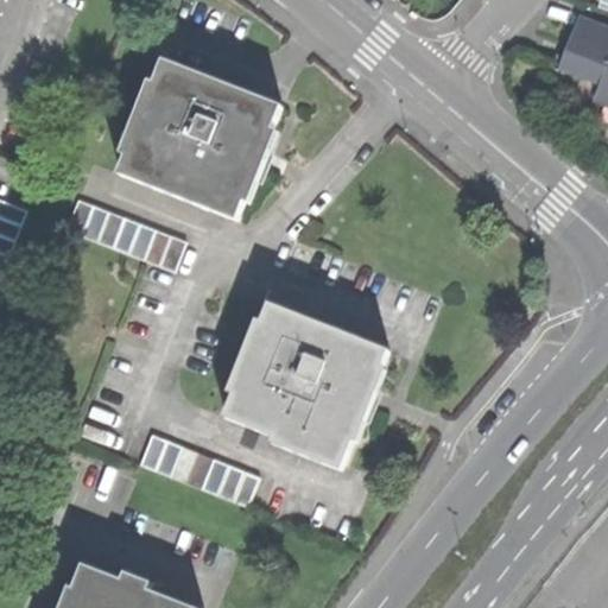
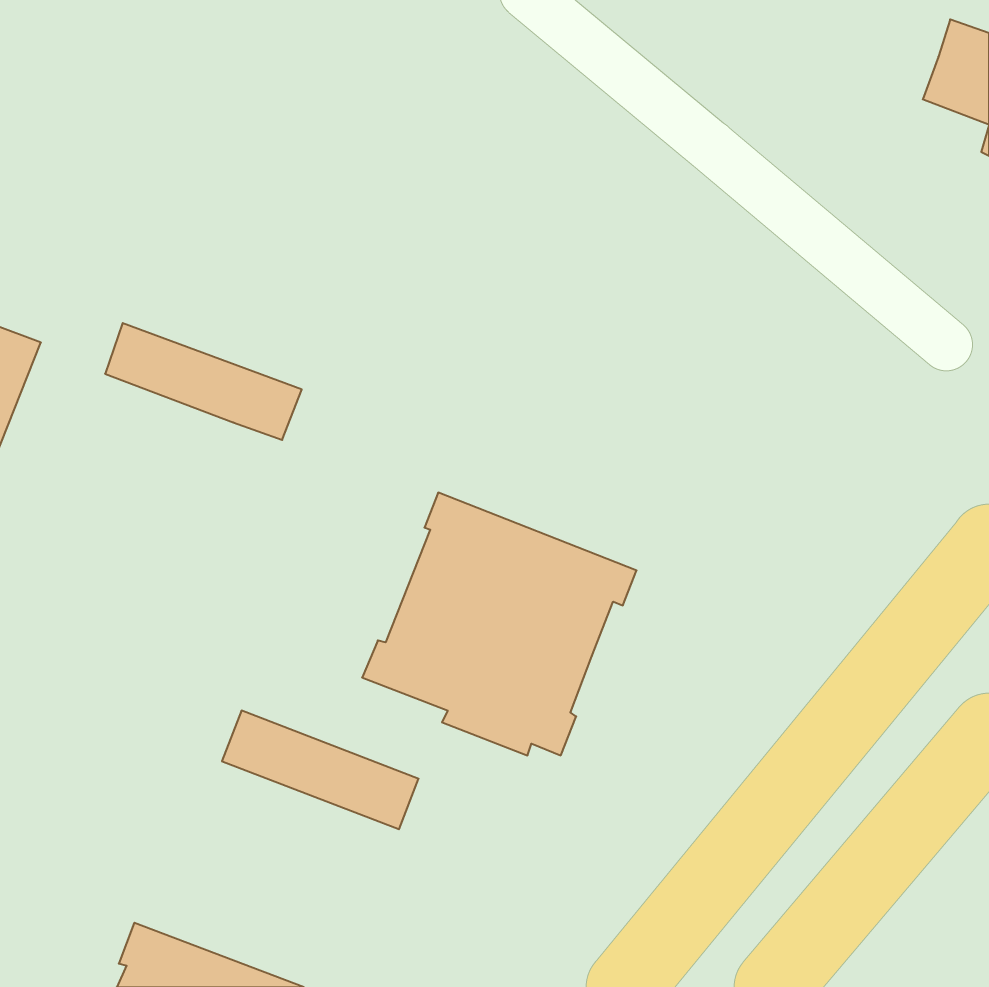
building: [116,58,280,220] -> none

